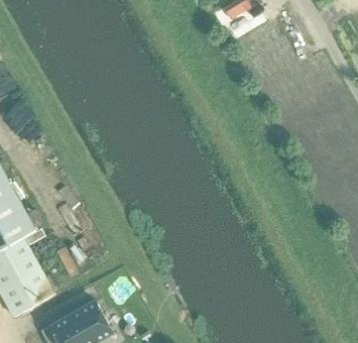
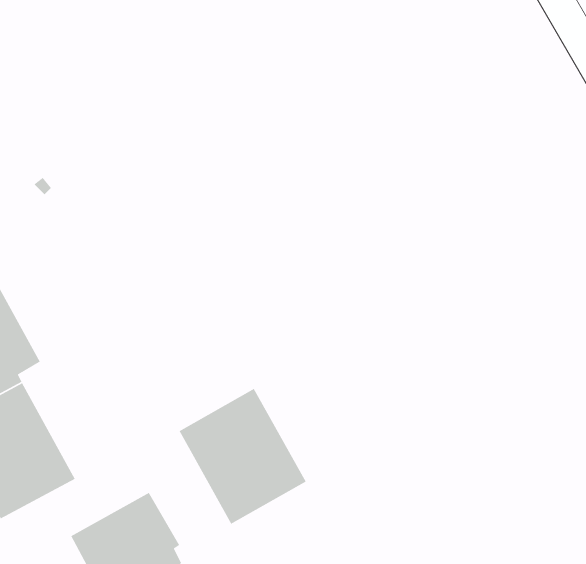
building: none -> [178,388,307,525]

